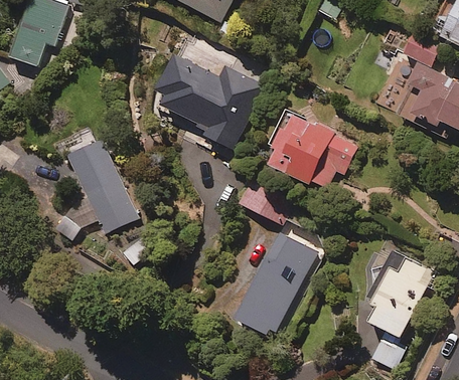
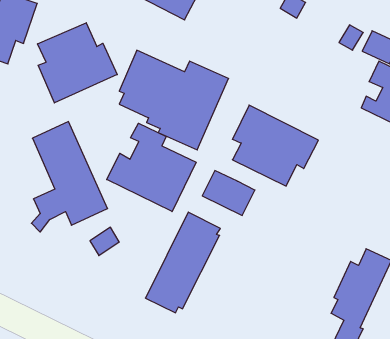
building: none -> [38,23,117,103]
building: none -> [107,123,196,212]
building: [237,231,314,335] -> [145,212,220,313]

